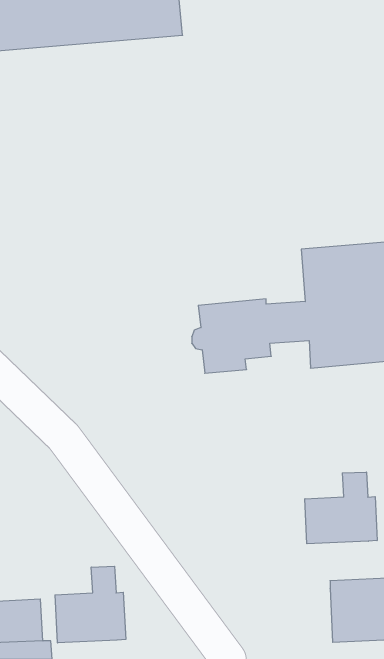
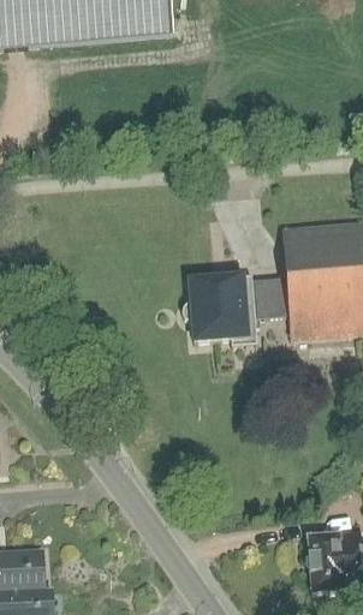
building: [305,472,377,544] -> none
building: [55,566,126,643] -> none

